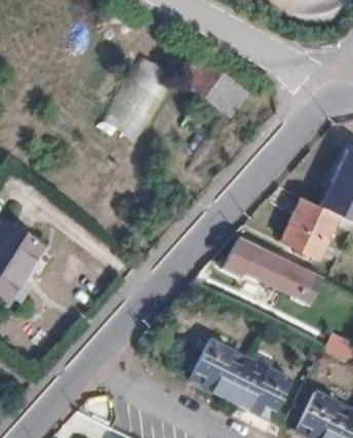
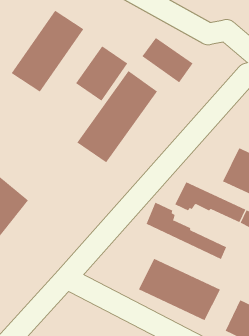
building: none -> [11,10,84,92]
building: none -> [76,70,158,163]
building: none -> [146,202,227,260]

